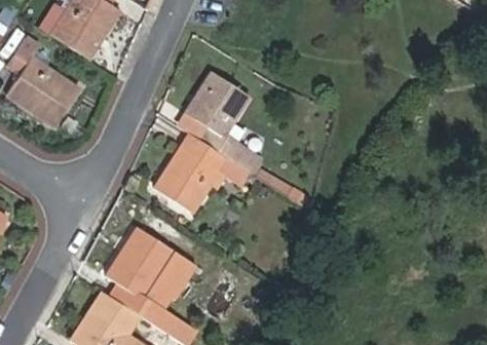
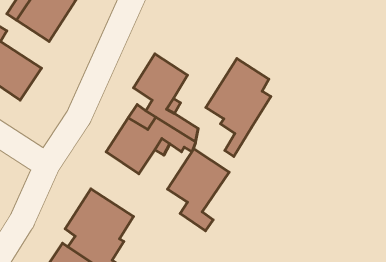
building: none -> [206,59,271,157]
building: none -> [167,149,229,231]

